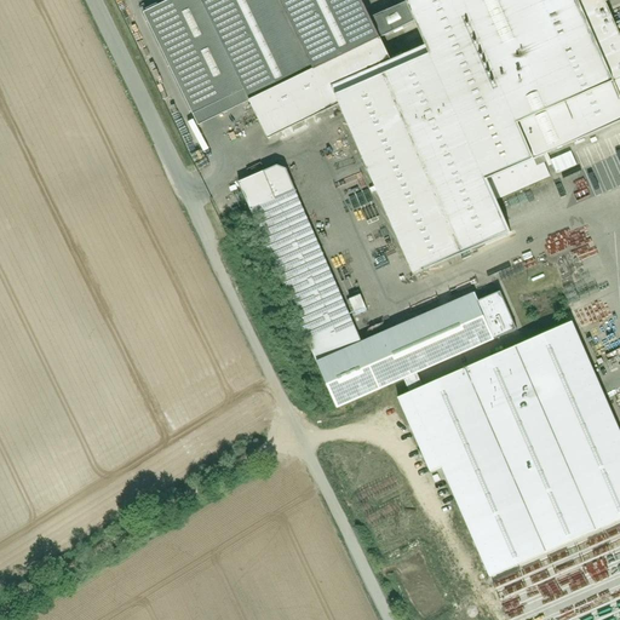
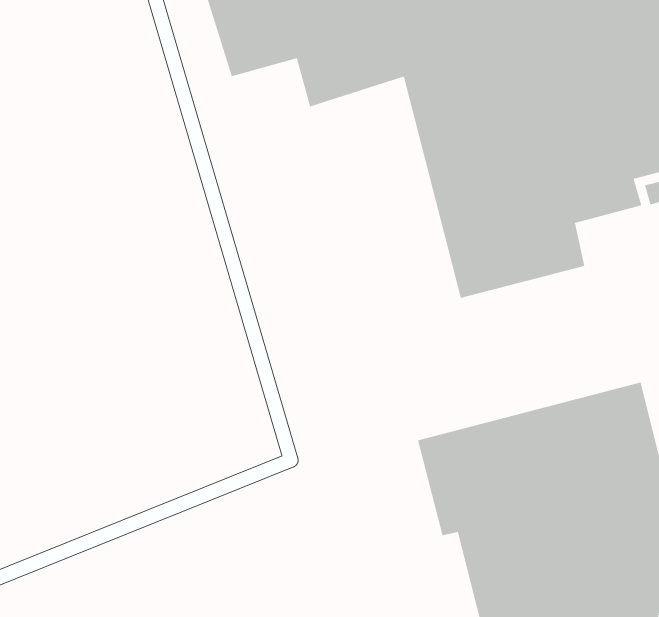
building: [237,162,517,406] -> none

